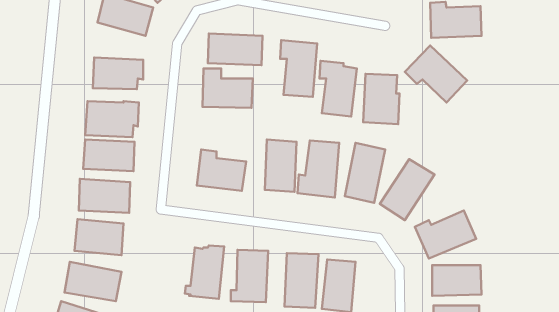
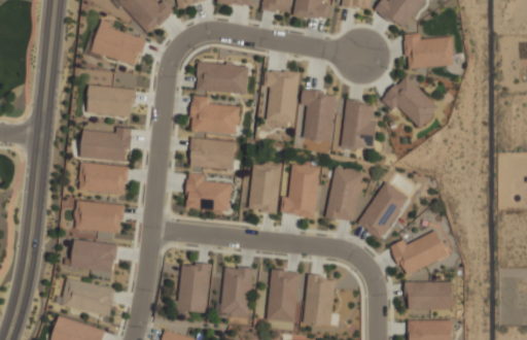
building: none -> [189,138,235,169]

